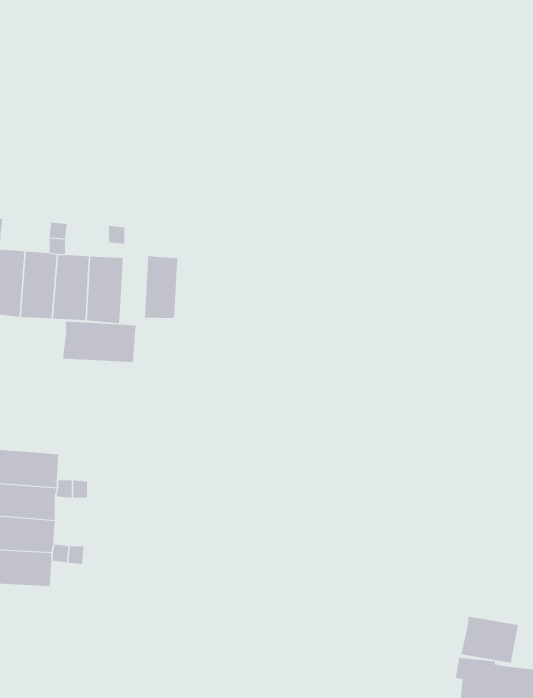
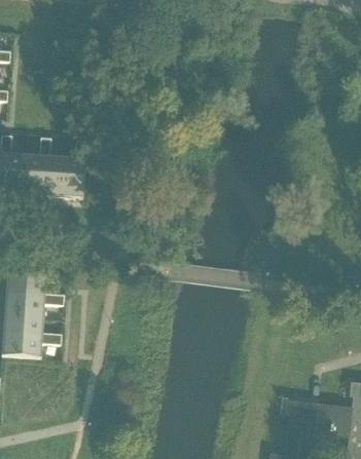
building: [144,255,178,319] -> none
building: [62,321,136,363] -> none
building: [461,616,519,664] -> none

